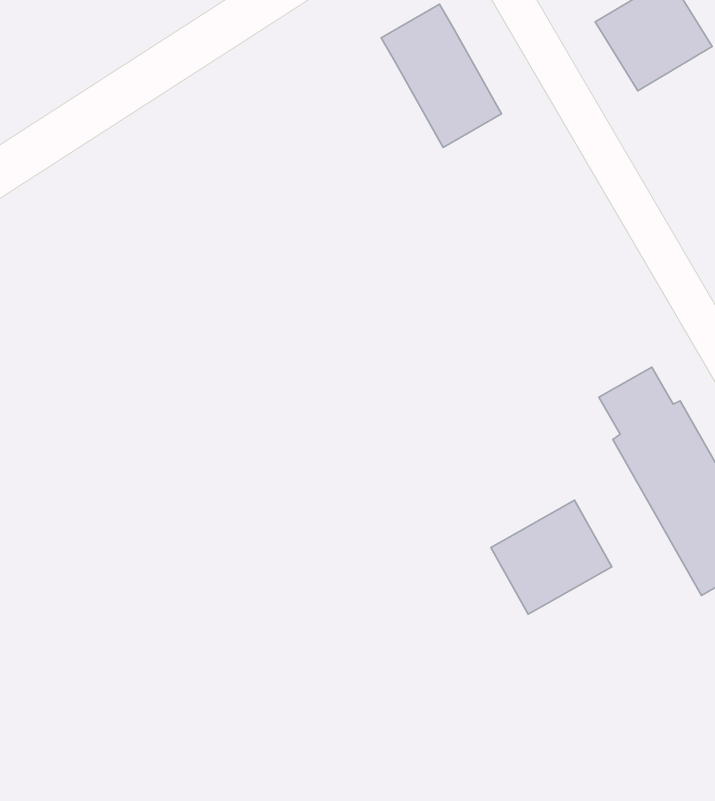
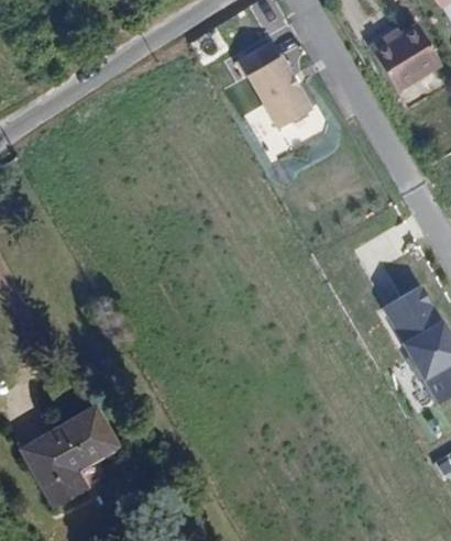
building: [491,500,612,614] -> none
building: none -> [20,402,124,510]

